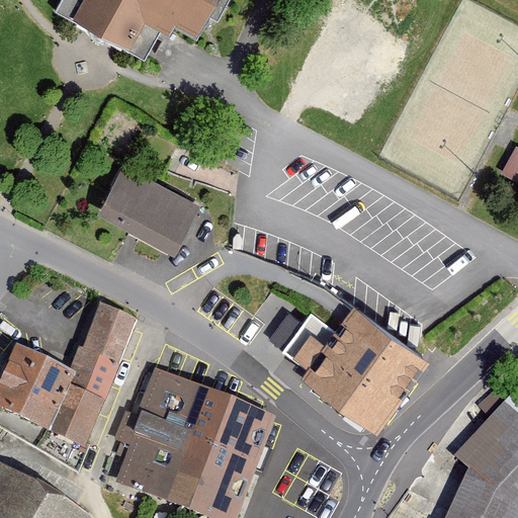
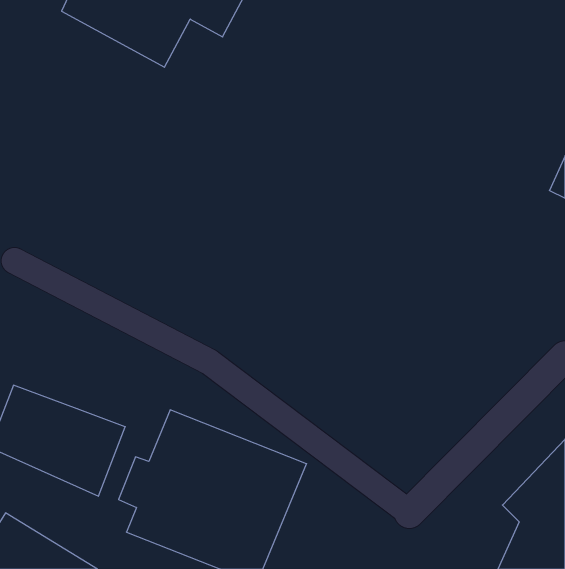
building: [92,166,197,254] -> none
building: [70,301,139,385] -> none
building: [277,301,418,423] -> none

